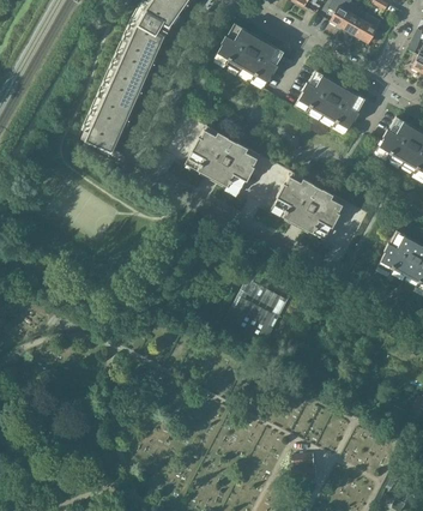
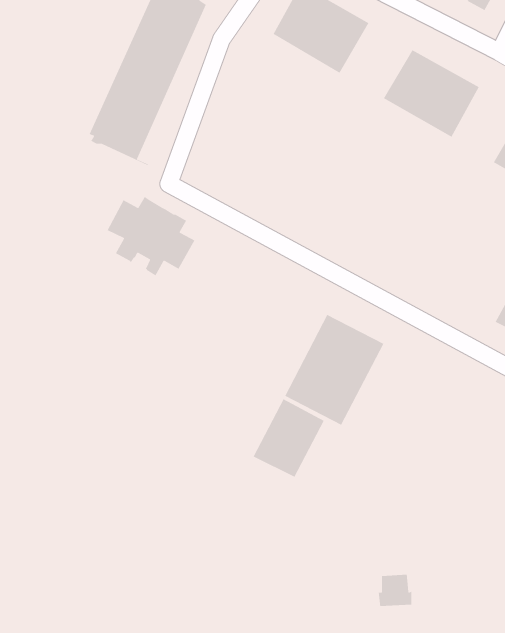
building: [187,130,252,188] -> [107,196,195,276]
building: [273,174,339,232] -> none
building: none -> [253,398,325,478]

